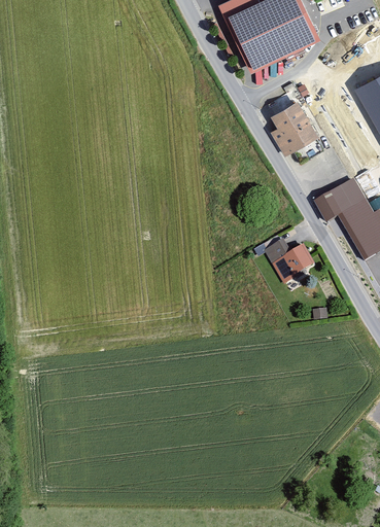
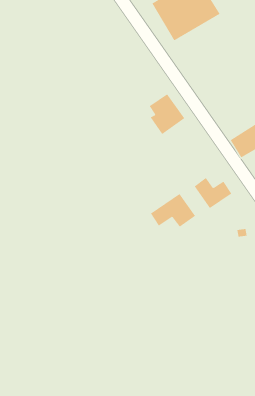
building: [274,103,318,154] -> [149,93,185,135]
building: none -> [150,193,196,227]

